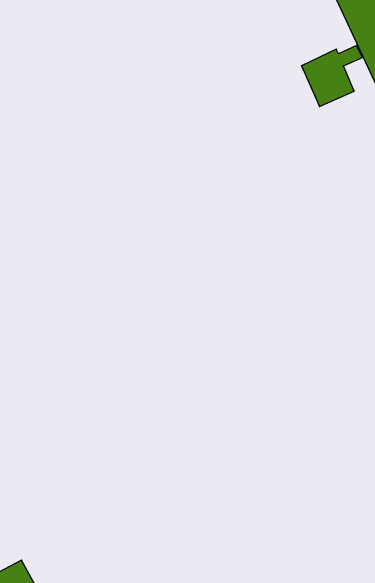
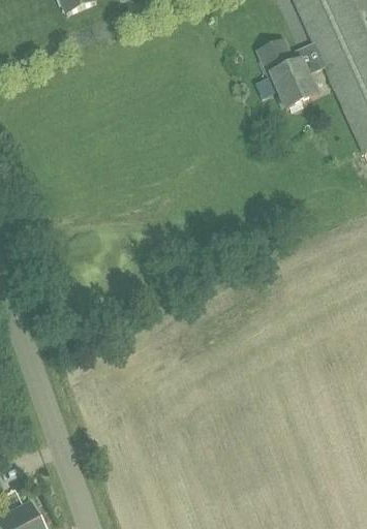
building: none -> [256,37,292,73]

